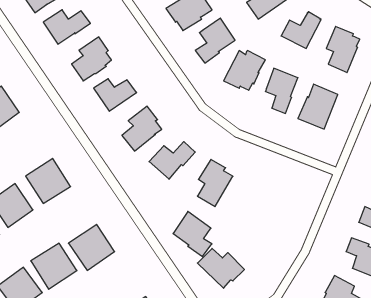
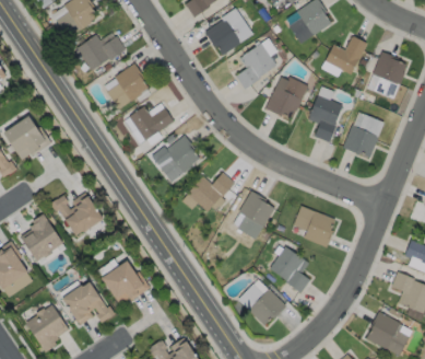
building: none -> [293,206,334,246]
building: [173,211,212,257] -> [269,245,309,292]

